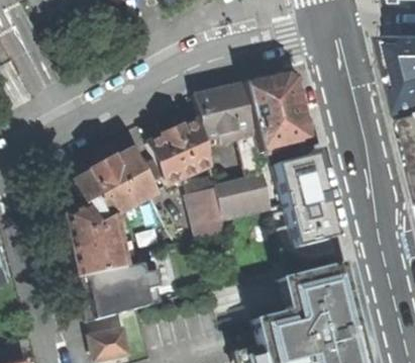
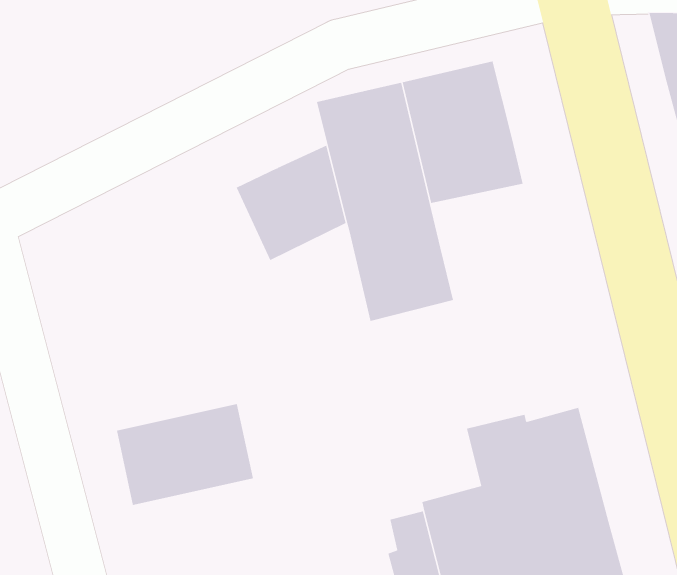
building: [63,152,151,276] -> none
building: [271,156,338,261] -> none
building: [188,167,227,237] -> none
building: [93,329,133,356] -> none

